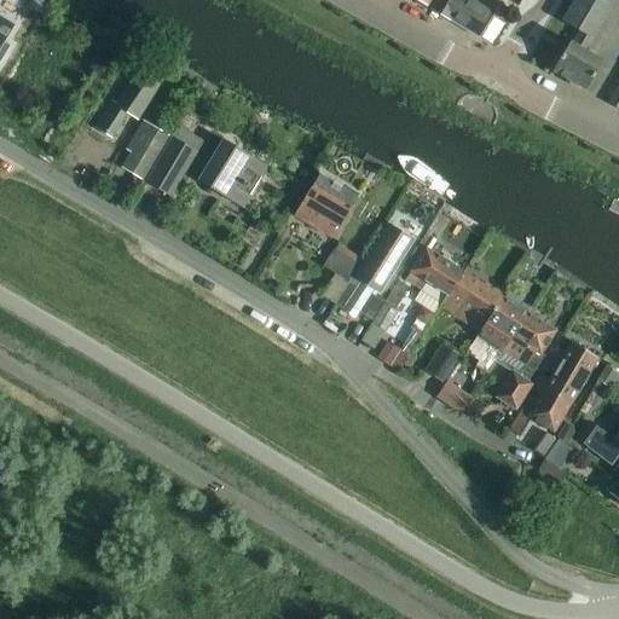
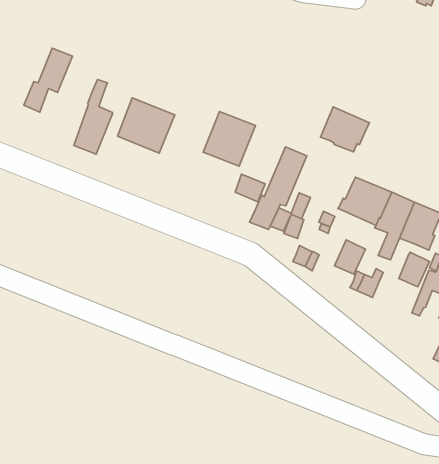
building: [123,120,170,179] -> none
building: [406,247,465,302] -> [321,107,370,152]

